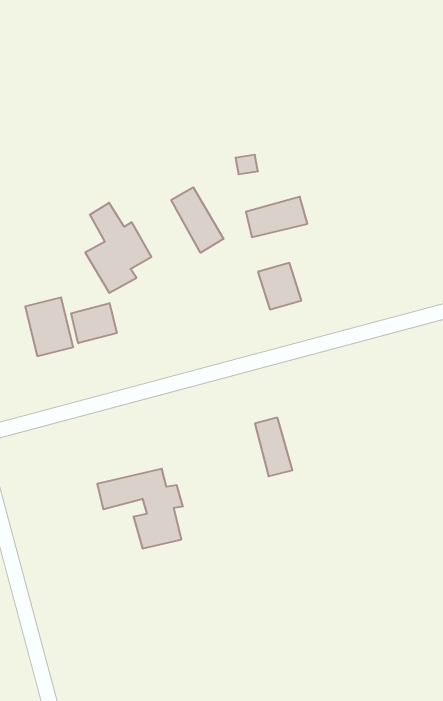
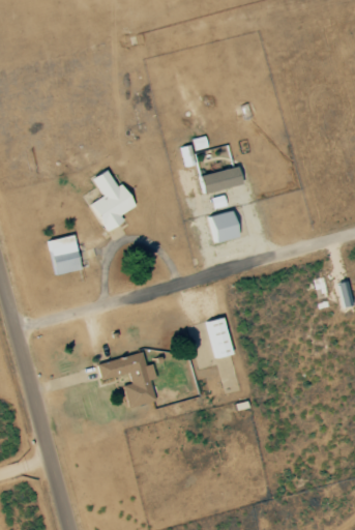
building: [171,187,224,253] -> none
building: [71,303,117,343] -> none

